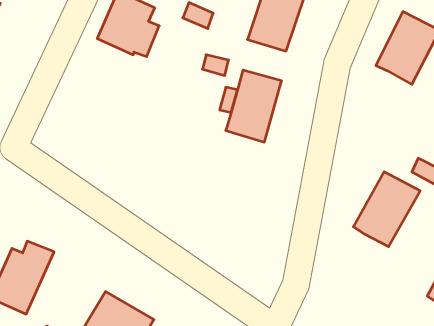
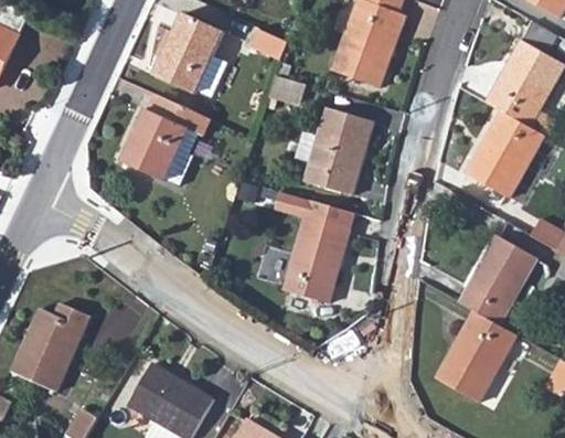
building: none -> [116,90,203,181]
building: none -> [469,109,545,195]
building: none -> [281,214,347,300]
building: none -> [437,309,515,398]

